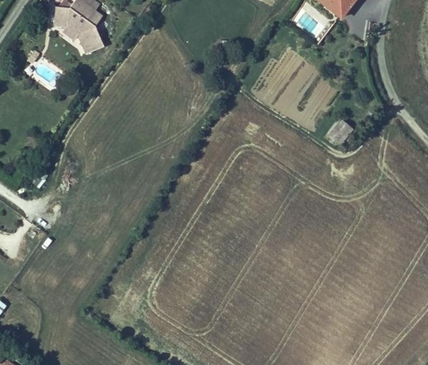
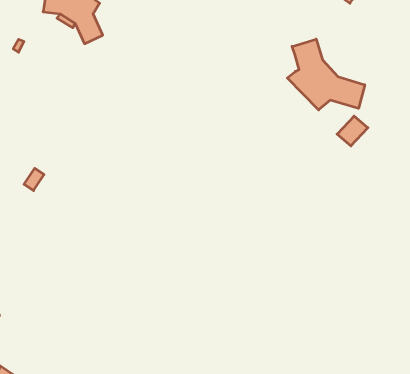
building: none -> [287,39,365,110]

